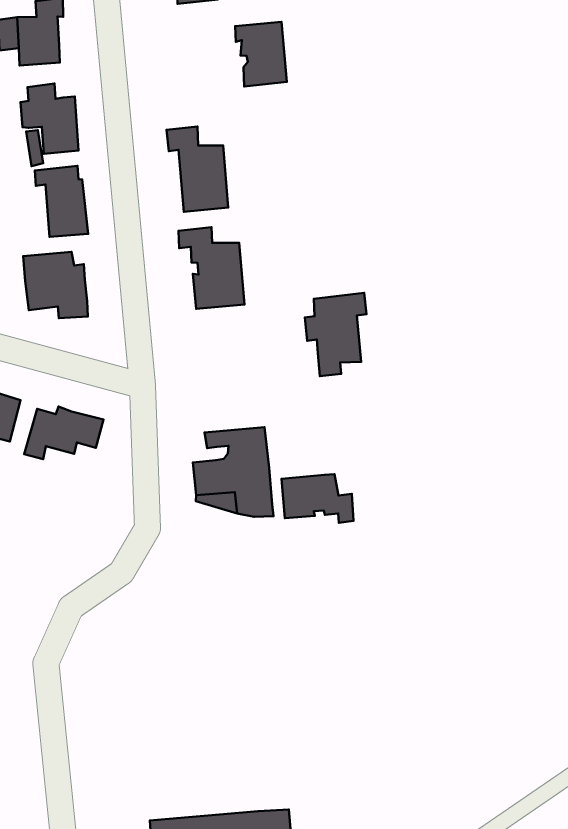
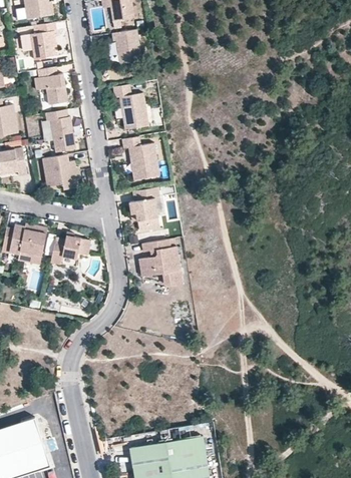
building: [235,22,287,87] -> [113,29,142,64]
building: [305,293,367,376] -> [130,186,162,231]
building: [281,474,354,523] -> none

